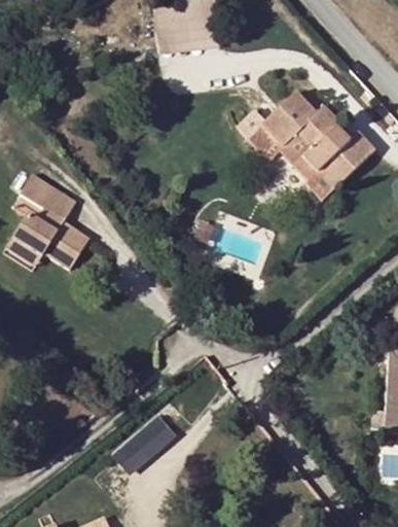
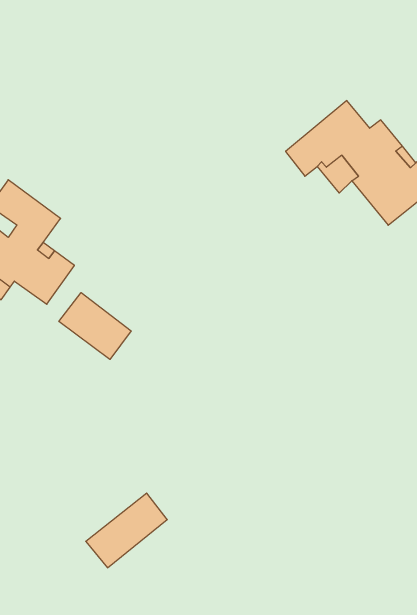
building: none -> [59,293,131,359]

